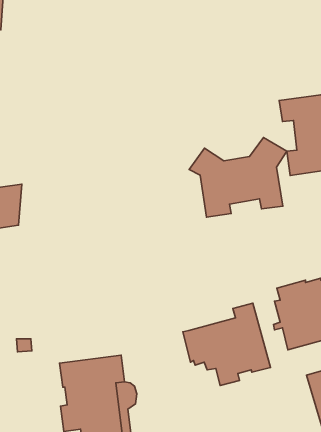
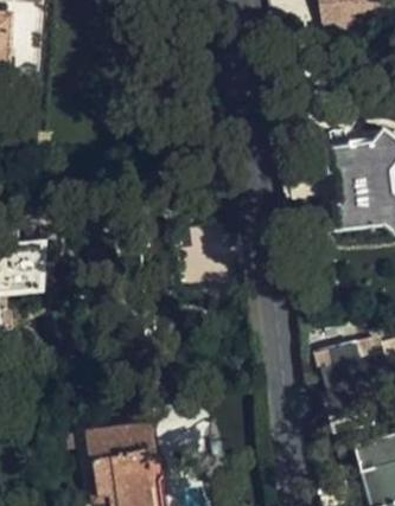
building: [189,138,287,217] -> none
building: [183,303,270,386] -> none

